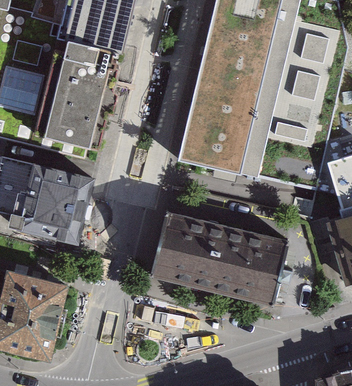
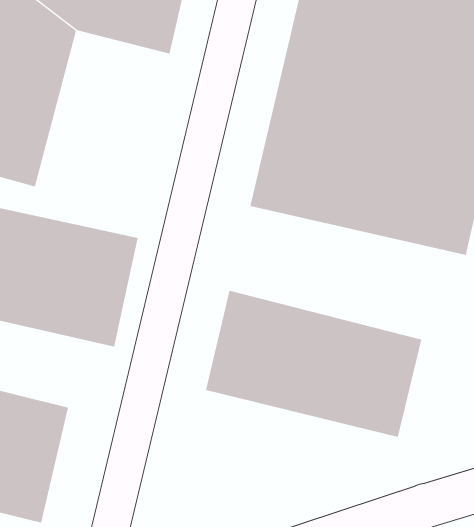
building: [41,46,126,160] -> none

